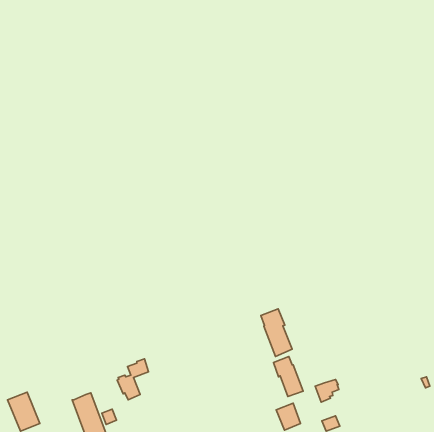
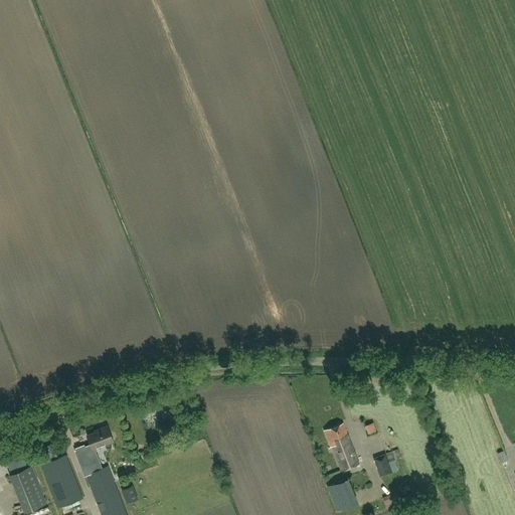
building: [261,309,292,357] -> none
building: [117,359,149,400] -> [74,427,112,476]
building: none -> [41,457,81,508]

